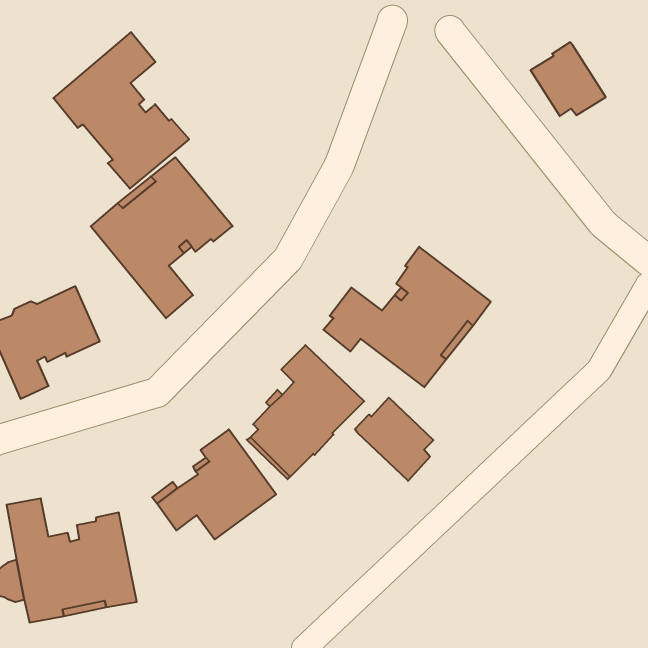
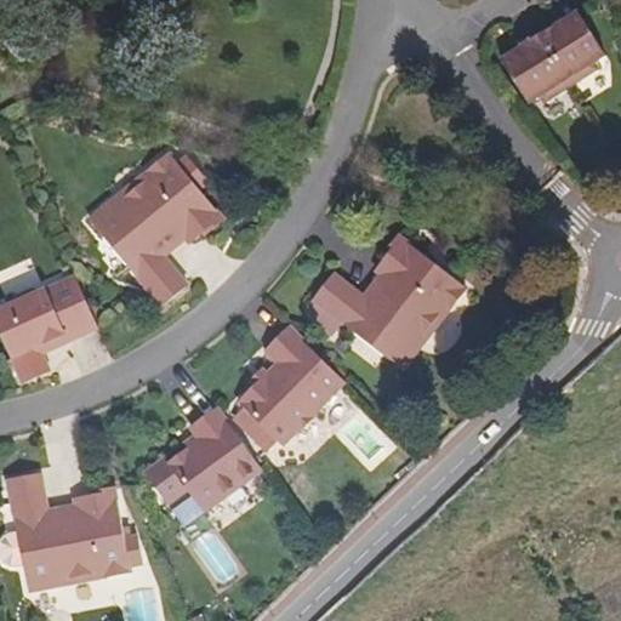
building: none -> [543,18,608,92]
building: [53,32,189,189] -> none
building: [355,398,433,481] -> none

